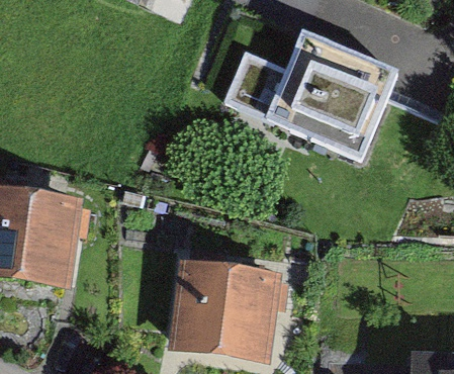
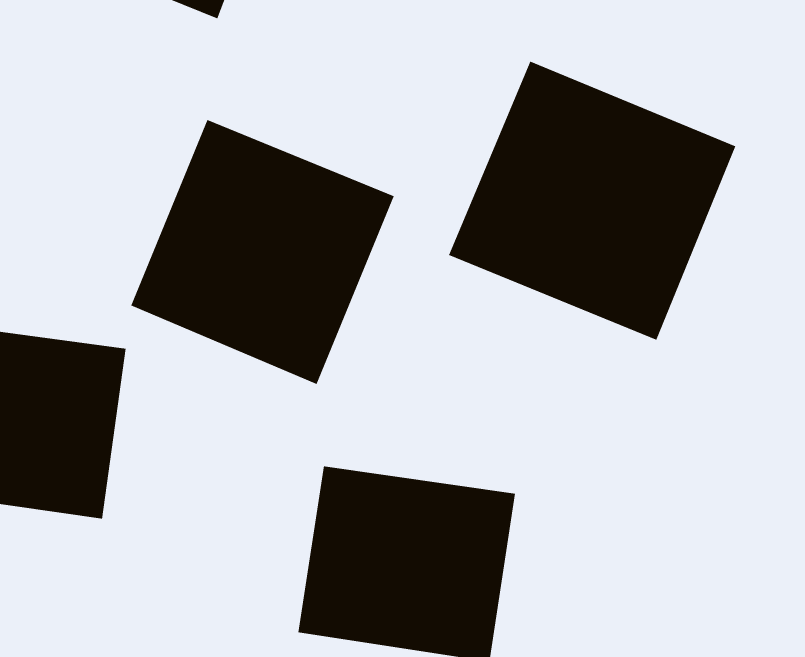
building: none -> [131,119,395,385]

